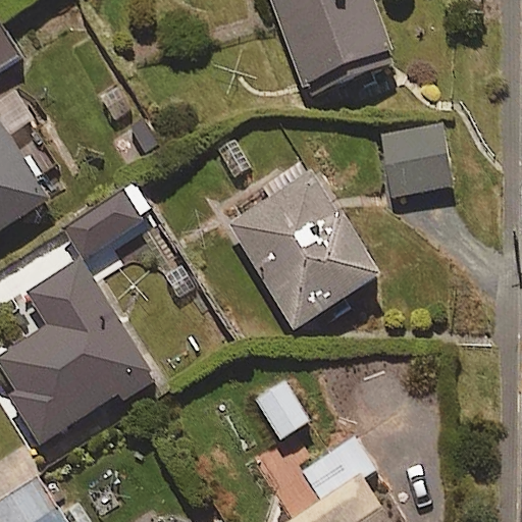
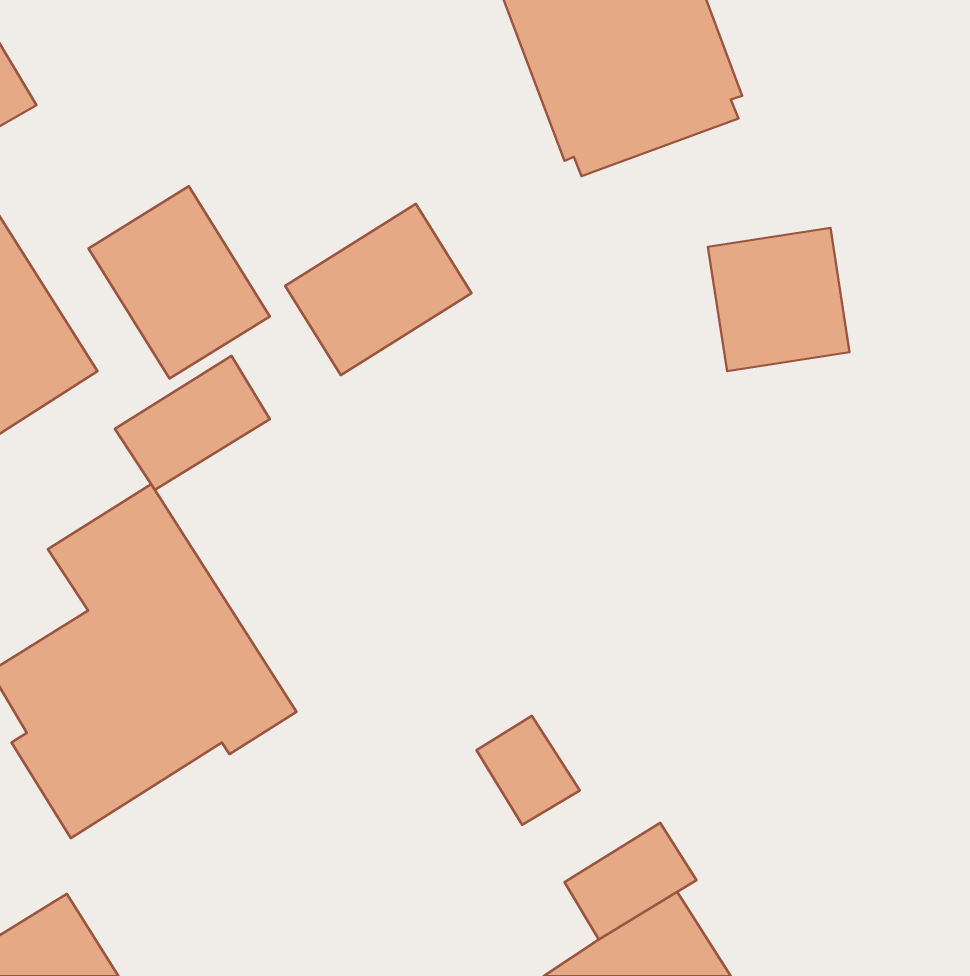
building: none -> [88,186,270,379]
building: none -> [285,204,471,375]
building: [228,171,383,329] -> none

